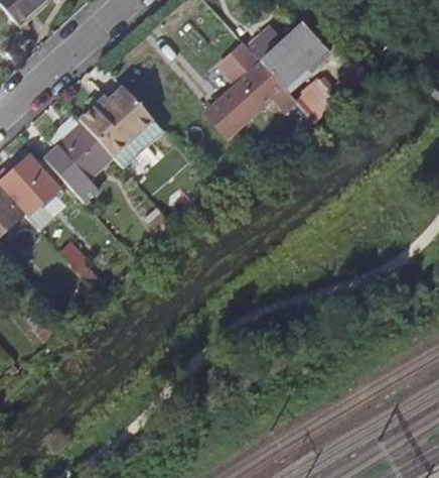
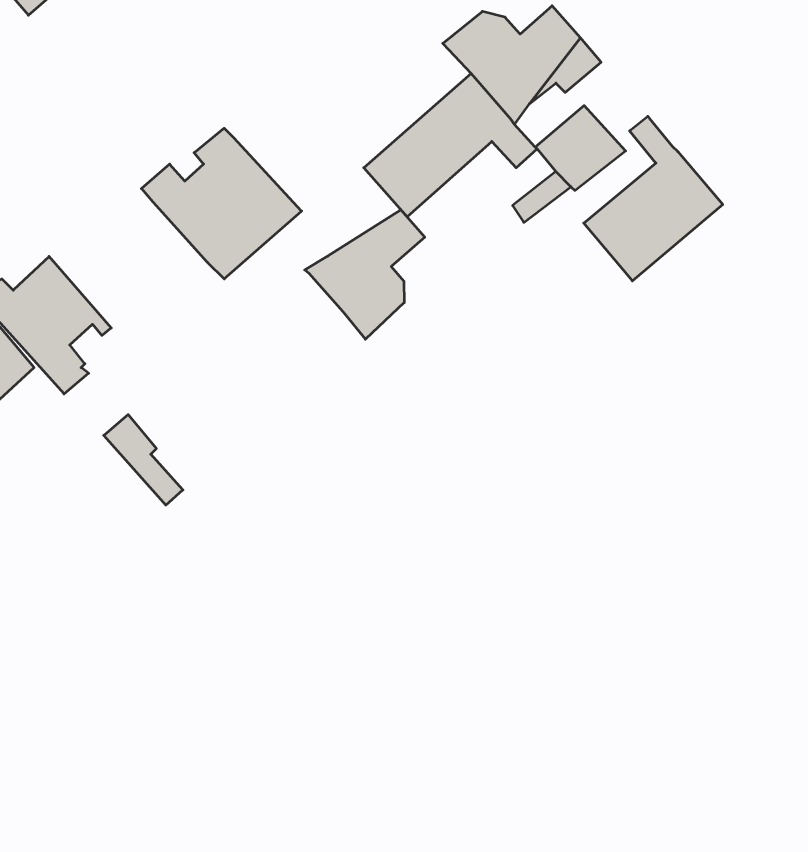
building: none -> [584,116,723,281]
building: [45,117,115,192] -> none
building: none -> [305,210,425,339]

